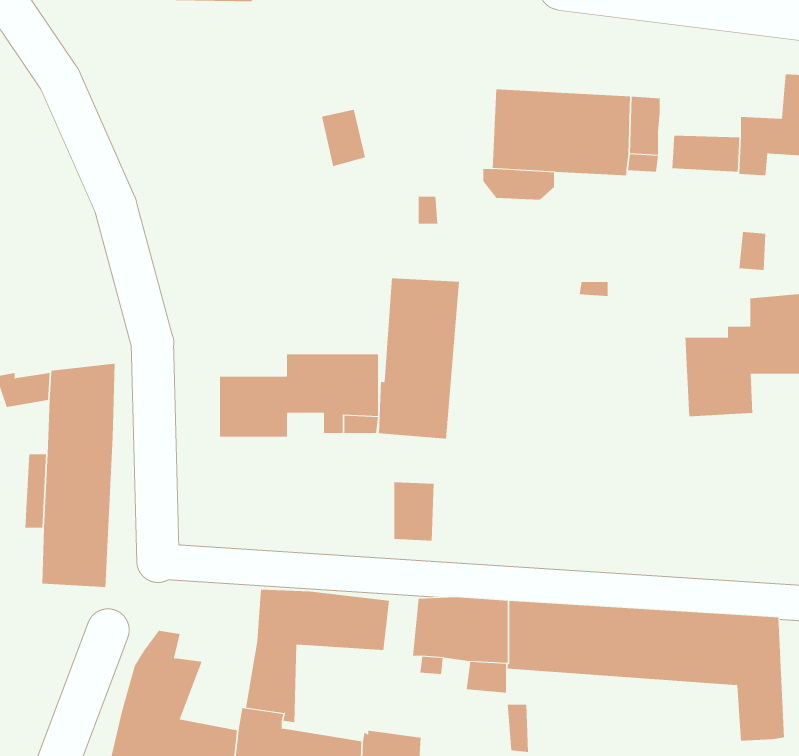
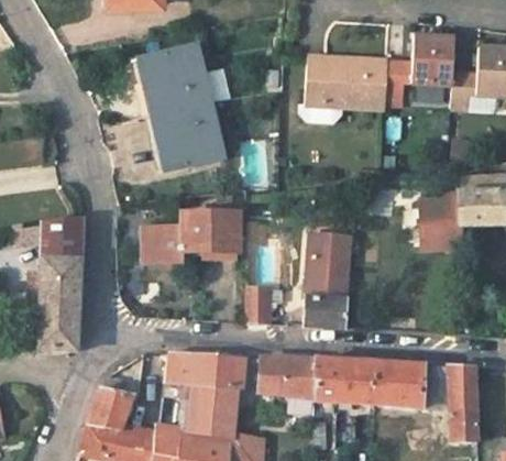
building: none -> [413,34,455,83]
building: none -> [141,45,219,169]
building: [378,278,460,439] -> [305,232,353,328]
building: none -> [189,384,242,437]

